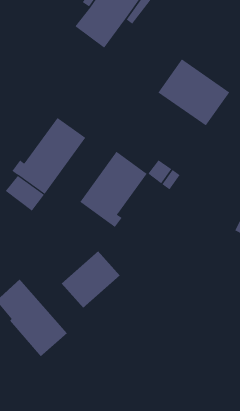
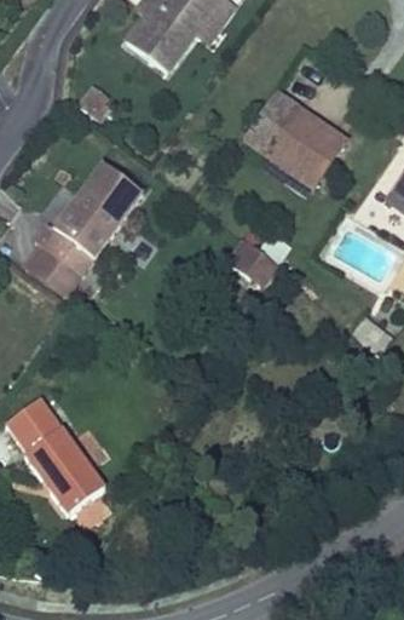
building: [79,151,147,228] -> none
building: [61,251,121,309] -> none

